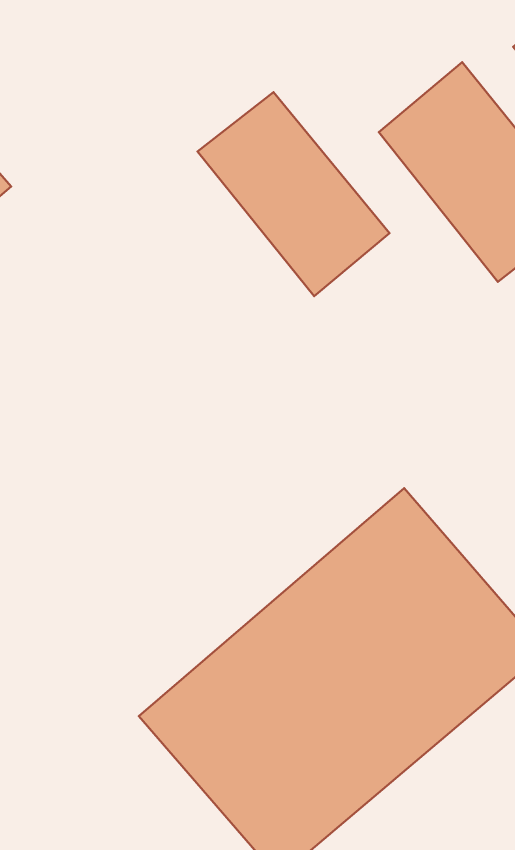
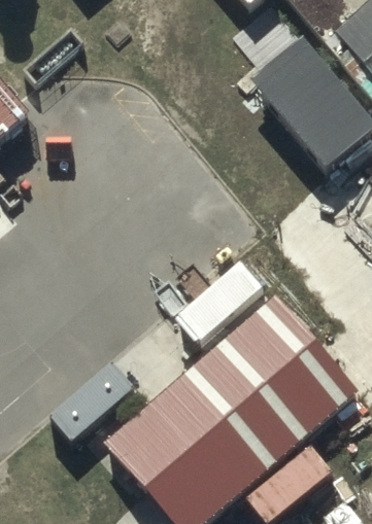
building: [197,92,390,296] -> none

